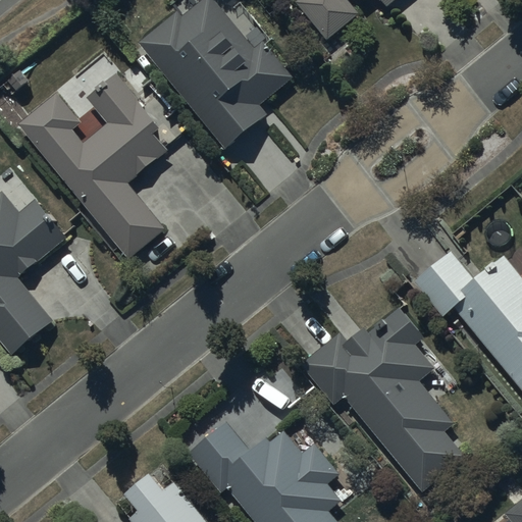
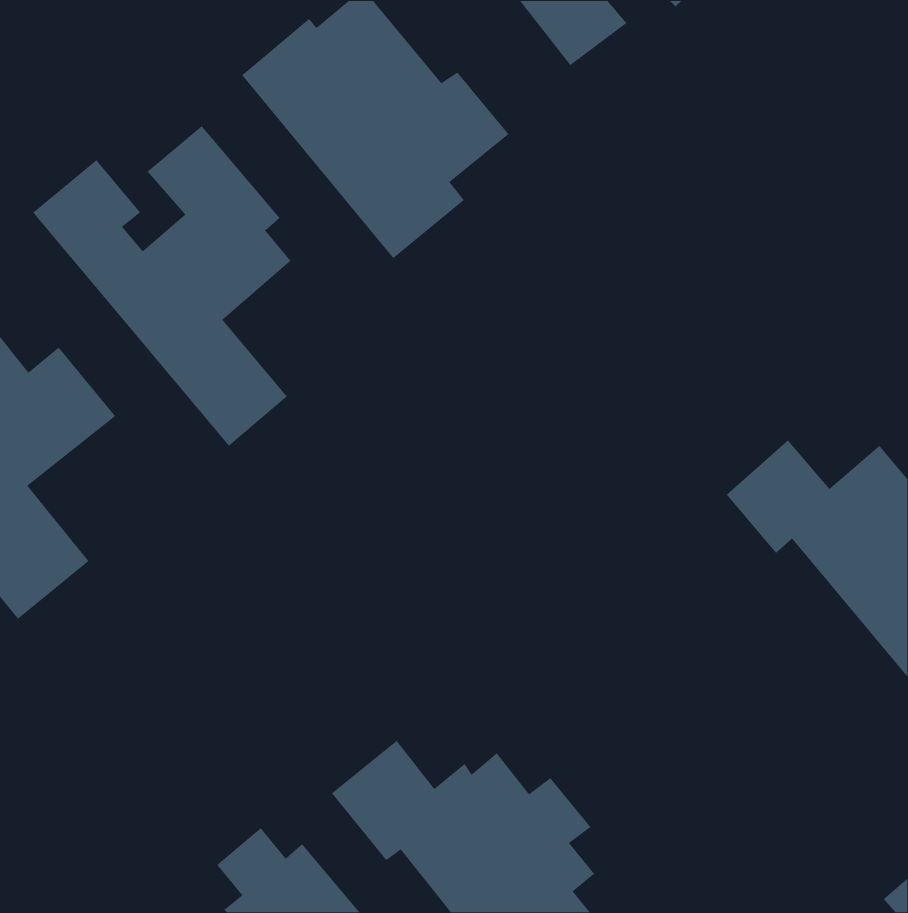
building: [301,307,465,491] -> none

